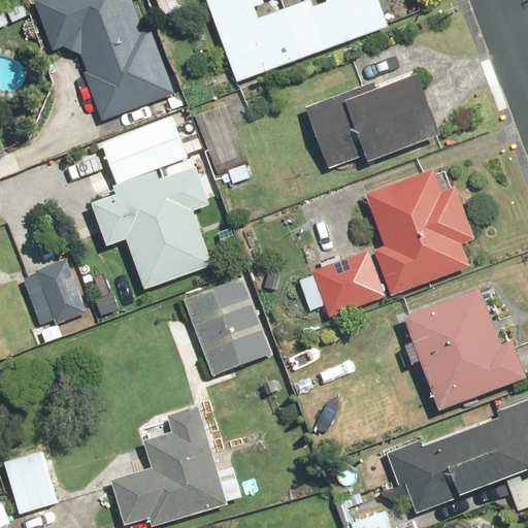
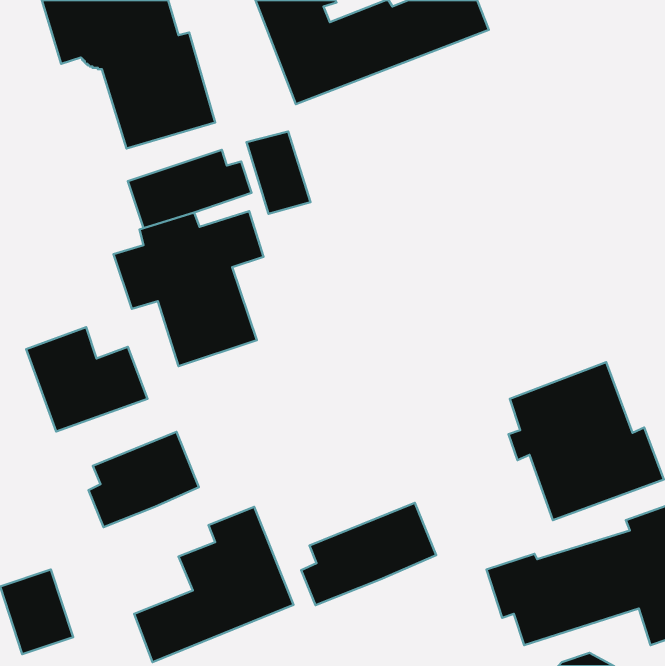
building: [308,74,436,166] -> none
building: [302,169,472,317] -> none
building: [182,275,274,375] -> none
building: none -> [88,432,199,527]
building: none -> [301,503,436,605]

